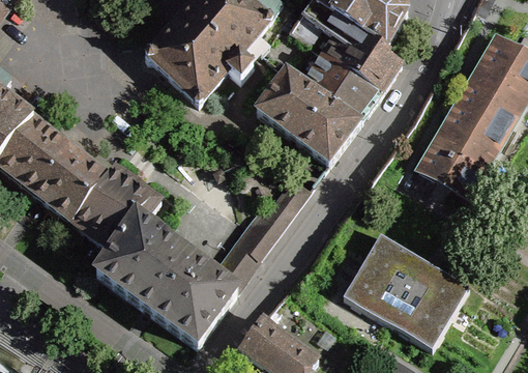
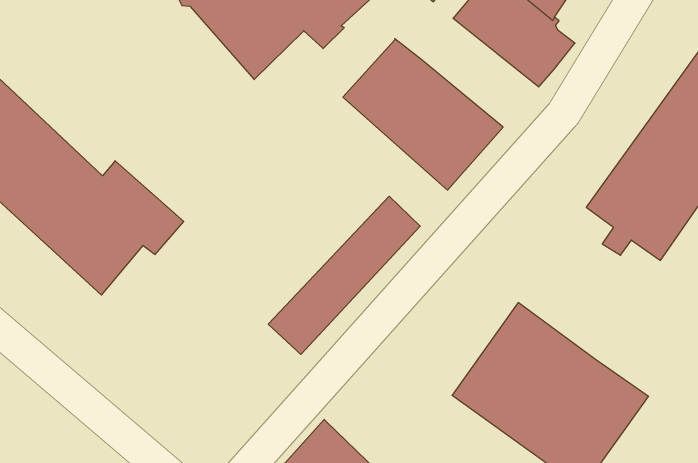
building: [303,53,381,120] -> none
building: [95,217,237,345] -> none

